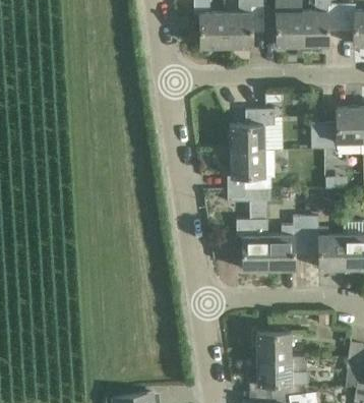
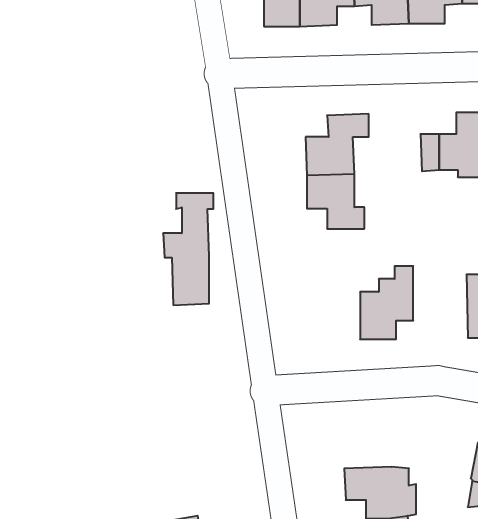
building: [235,190,270,270] -> [163,193,213,305]
building: [305,217,344,269] -> none
building: [256,332,302,360] -> none

